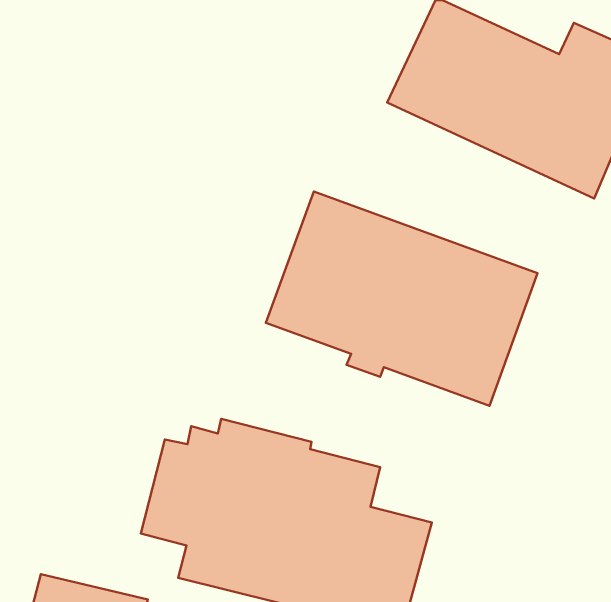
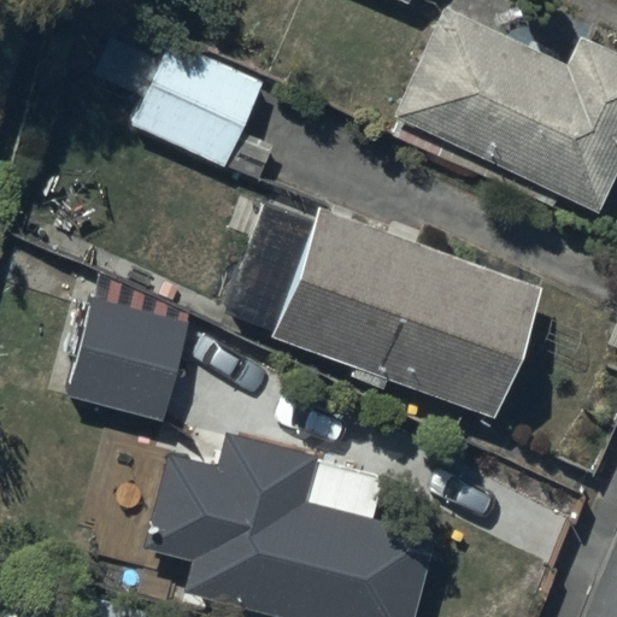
building: none -> [131,42,266,170]
building: none -> [66,298,192,423]

